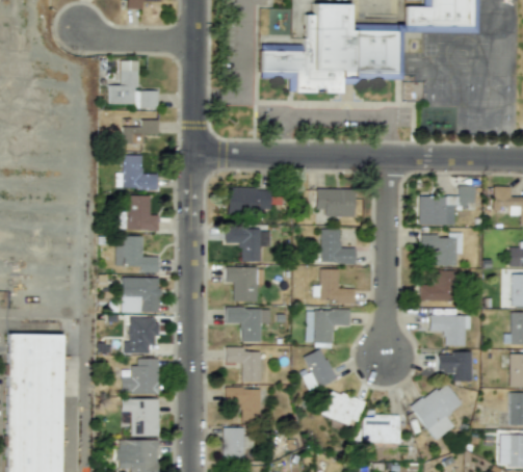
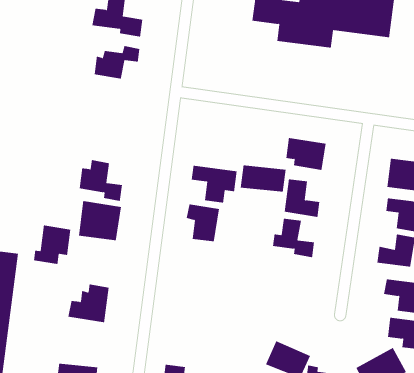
building: [117,161,155,188] -> none
building: [228,187,271,211] -> [240,165,287,192]
building: [120,194,159,230] -> none
building: [226,307,270,341] -> none
building: [307,309,350,342] -> none
building: [125,316,158,353] -> [33,225,71,265]
building: [226,346,261,382] -> none
building: [304,348,337,391] -> none
building: [226,387,261,421] -> none
building: [122,398,160,437] -> none

